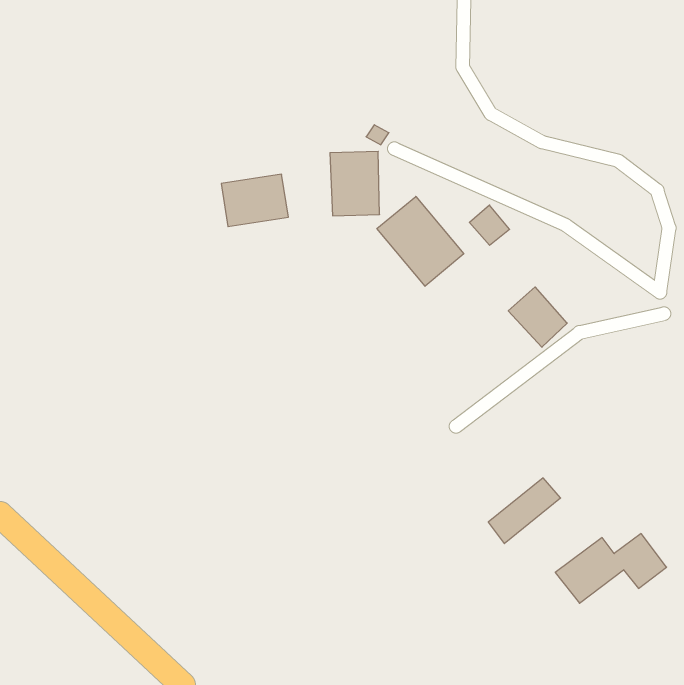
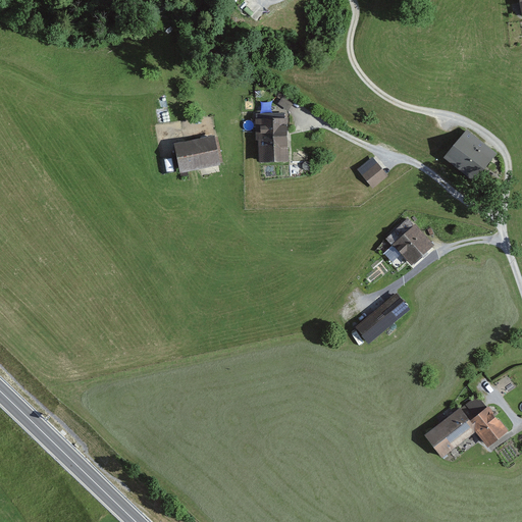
building: none -> [445,130,487,174]
building: [377,196,464,286] -> none
building: [488,478,561,544] -> [355,294,410,344]

